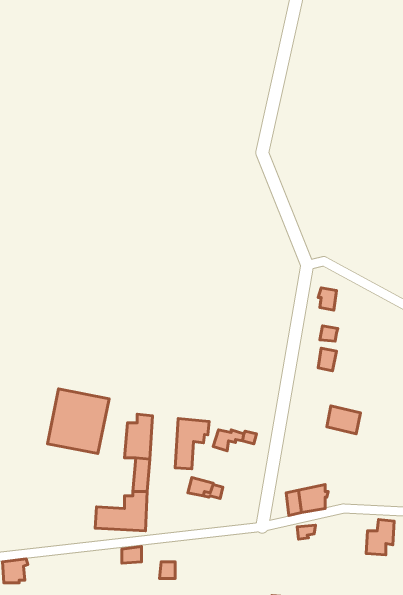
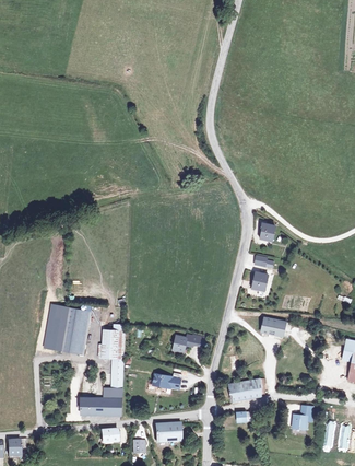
building: [175,419,209,469] -> none
building: none -> [153,421,180,440]

